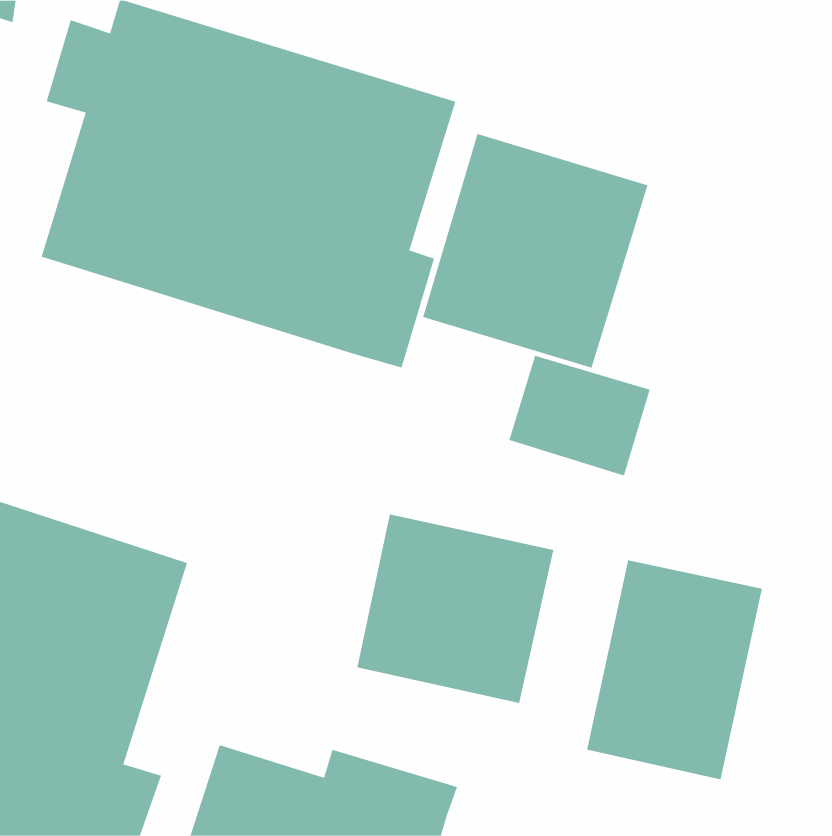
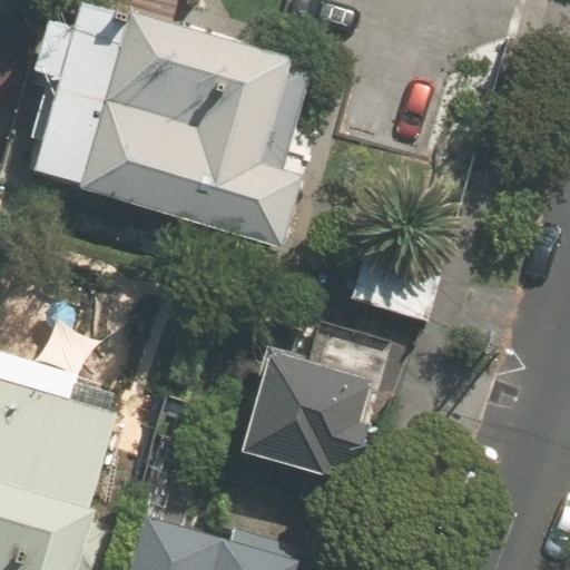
building: [422,133,648,368] -> none
building: [587,560,763,780] -> none

